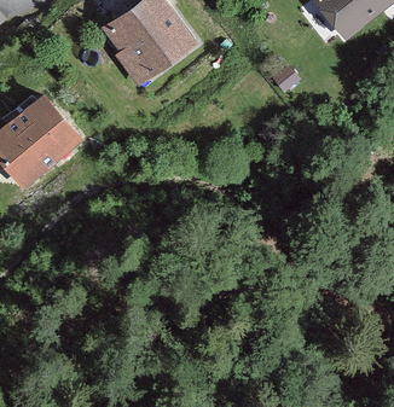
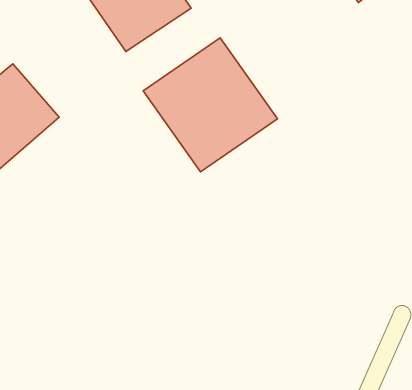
building: none -> [143,38,278,172]

